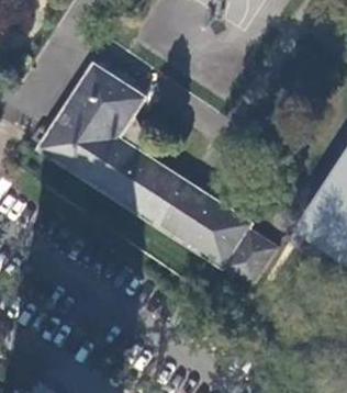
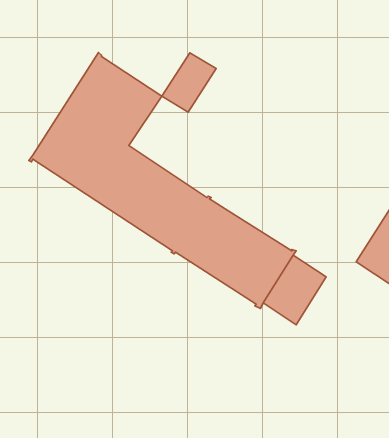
building: none -> [162,53,216,112]

